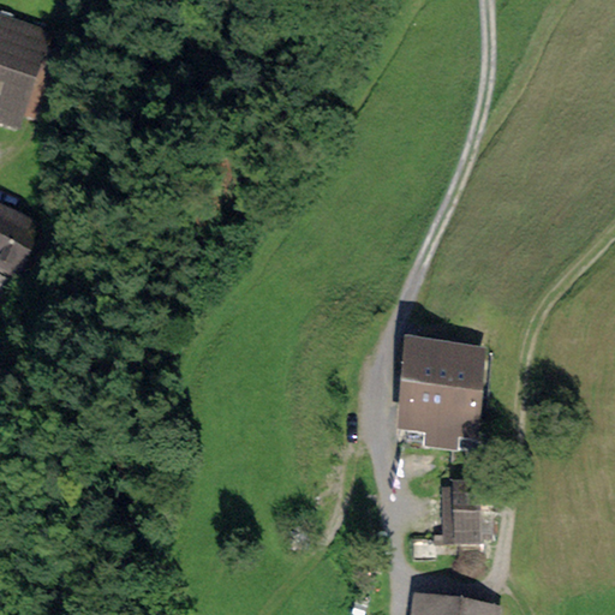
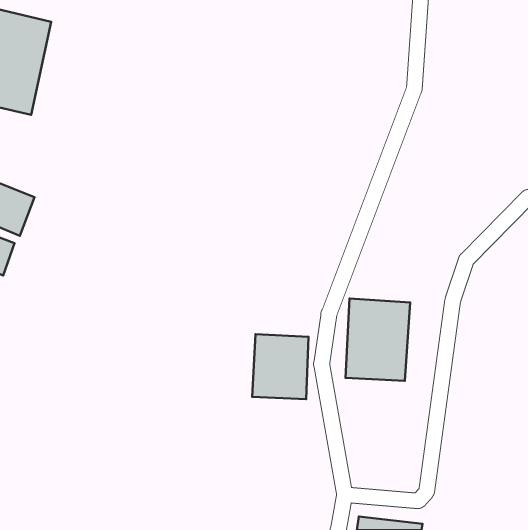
building: none -> [252,334,309,399]
building: [438,482,482,539] -> none

